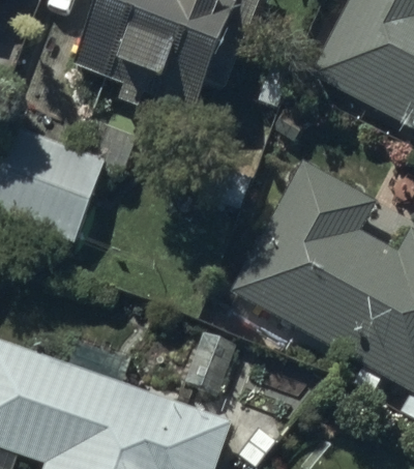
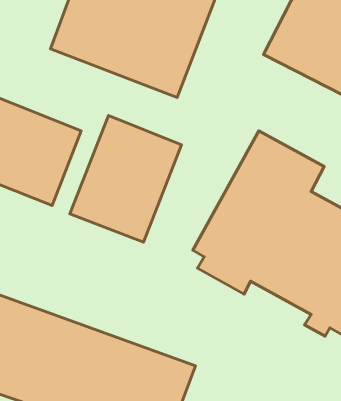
building: none -> [70,115,181,242]

